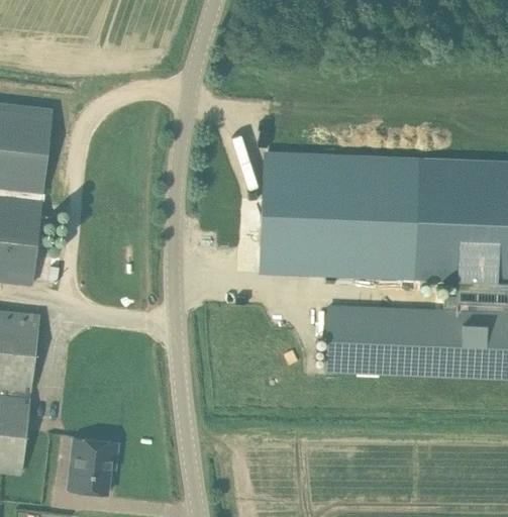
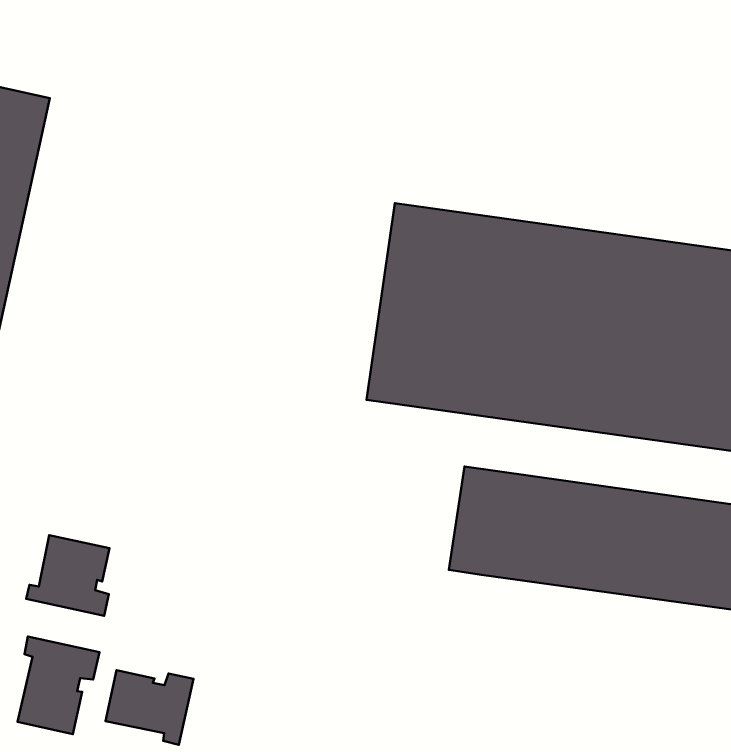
building: none -> [26,535,109,616]
building: none -> [106,670,193,745]

